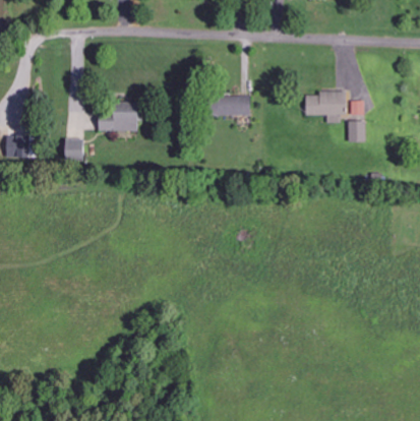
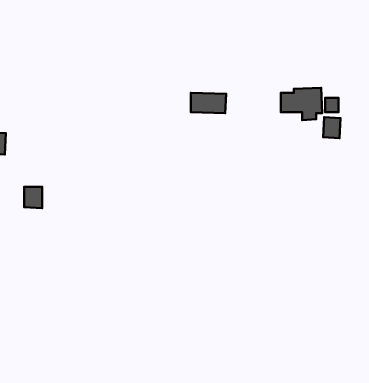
building: [98,105,138,131] -> none
building: [65,138,83,160] -> [24,187,42,208]

